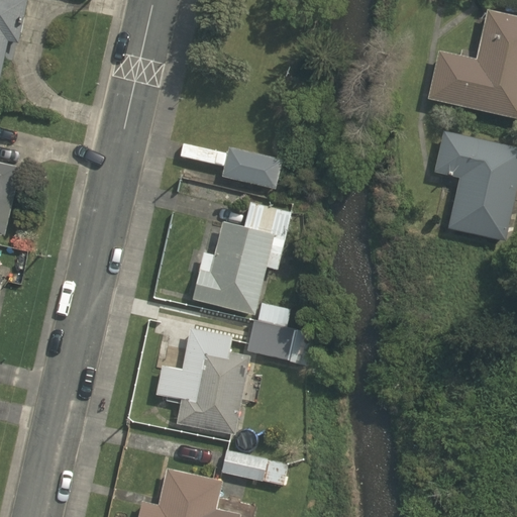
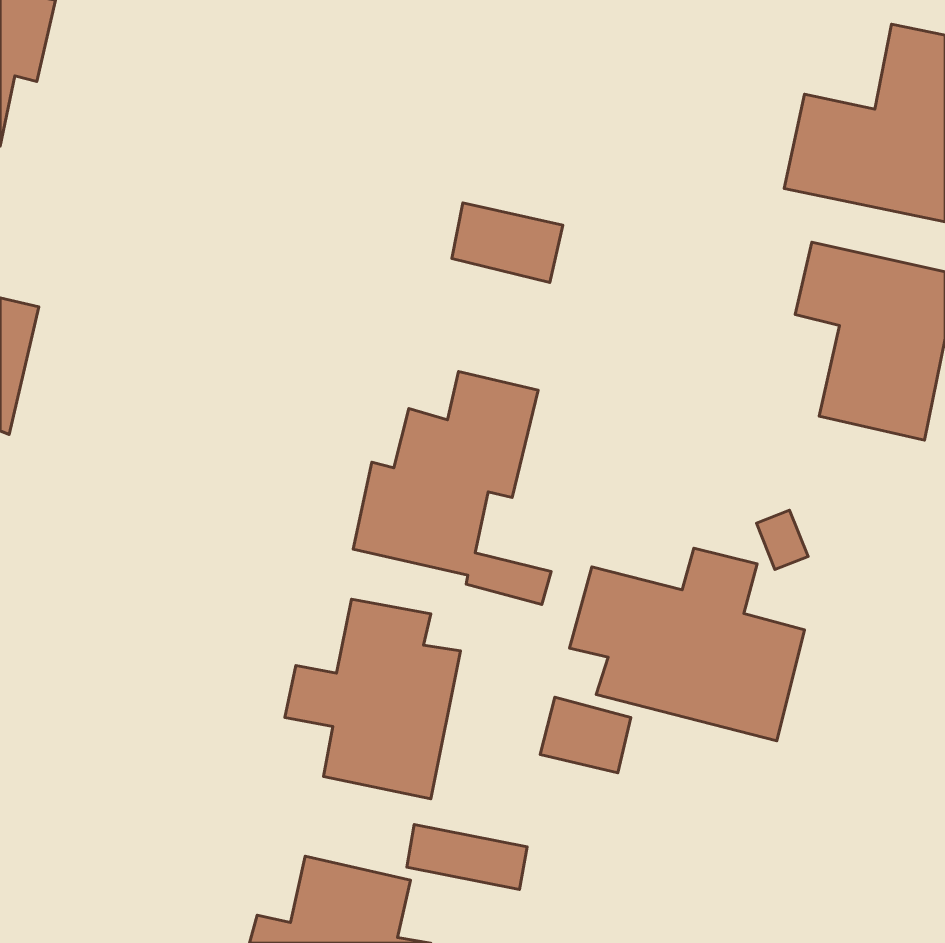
building: [223,147,284,191] -> [452,203,563,282]
building: none -> [569,548,805,741]
building: [246,319,296,360] -> [540,697,631,773]

